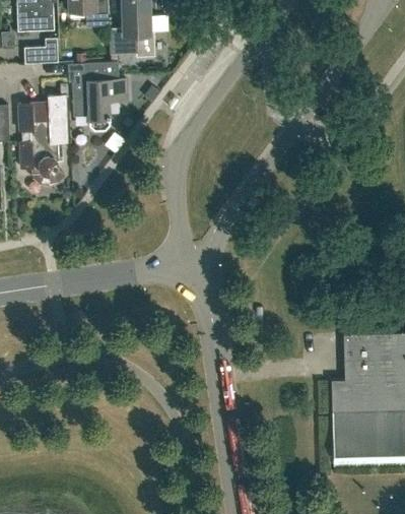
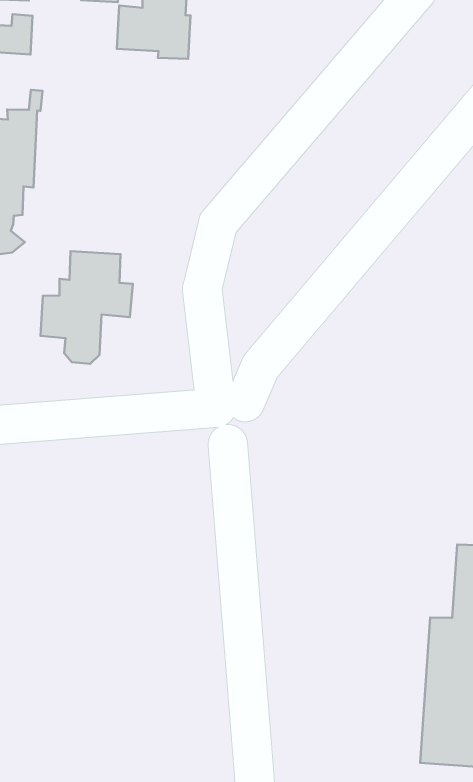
building: [72,61,126,129] -> [41,251,133,364]

